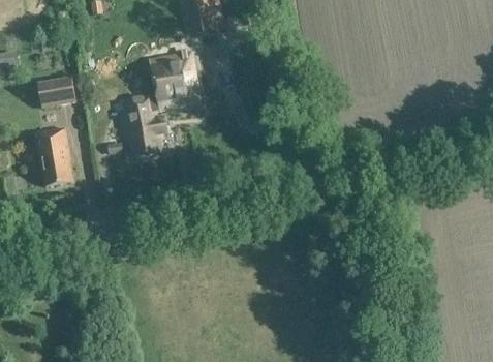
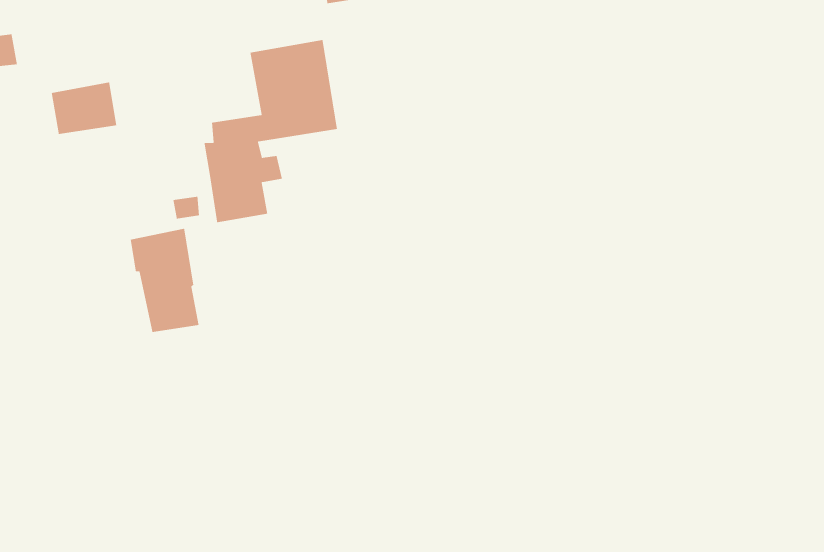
building: [31,126,70,185] -> [130,228,200,333]

